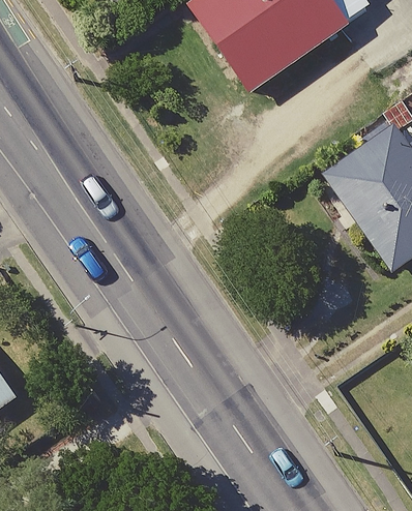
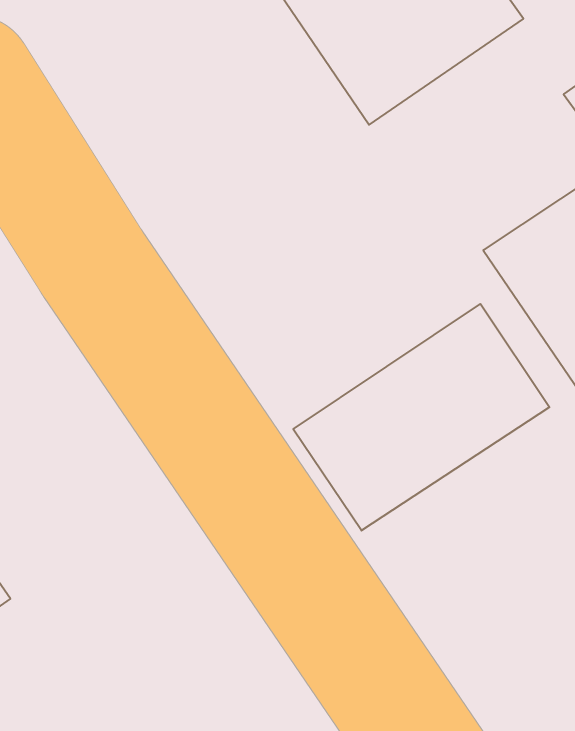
building: none -> [293,304,549,531]

